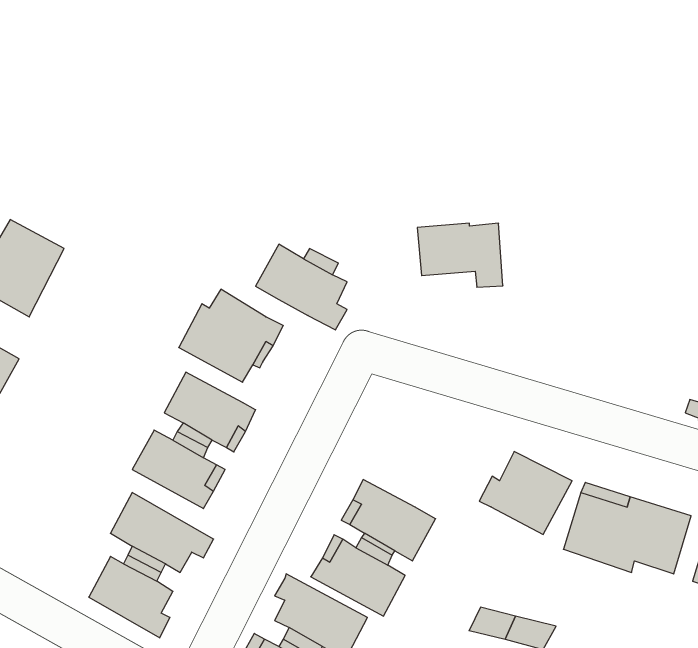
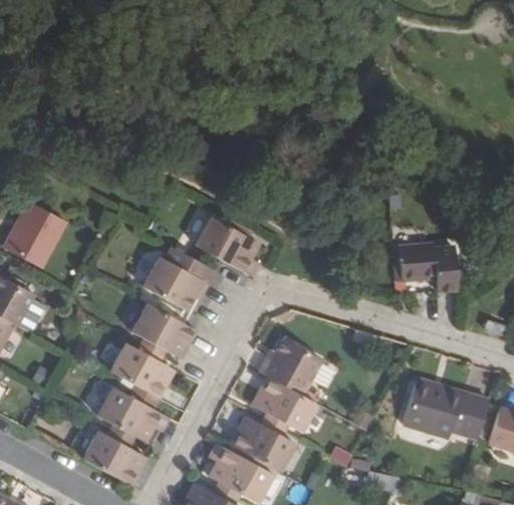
building: [417,223,503,287] -> [402,243,461,287]
building: [479,452,572,534] -> [259,338,323,396]

